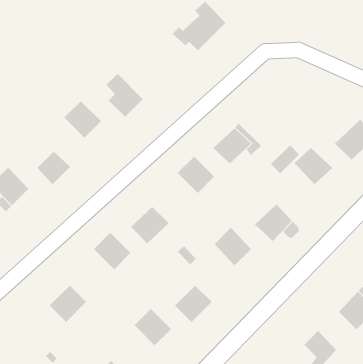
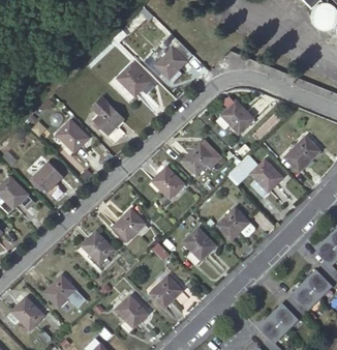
building: none -> [118,64,154,96]
building: none -> [221,100,253,134]
building: none -> [11,297,44,329]
building: none -> [271,298,303,330]

